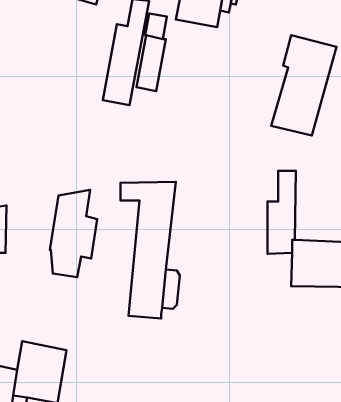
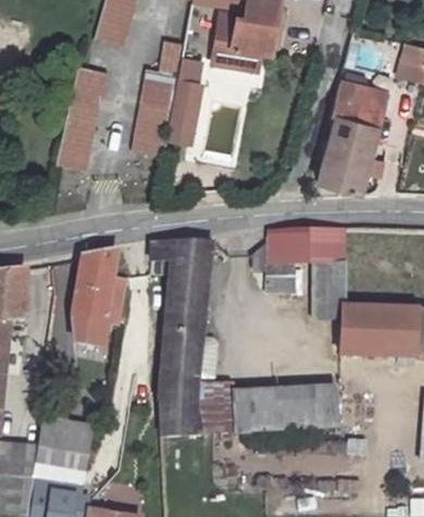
building: none -> [55,64,110,169]
building: none -> [250,228,325,292]
building: none -> [160,382,337,437]

